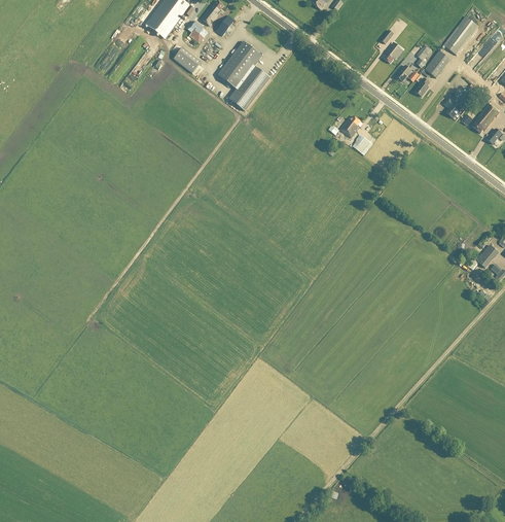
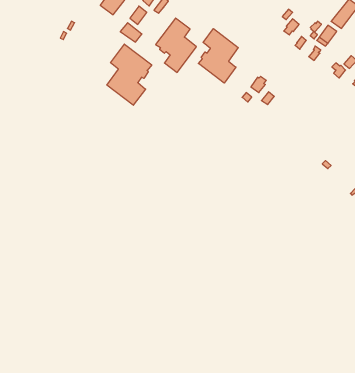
building: none -> [198,29,238,83]
building: none -> [107,44,152,105]

